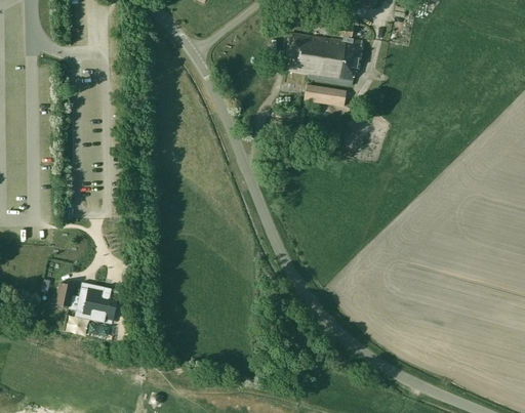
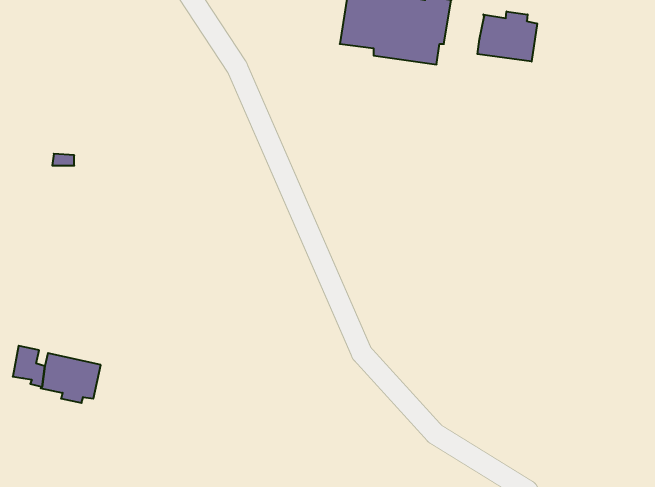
building: none -> [477,11,537,62]
building: [305,84,346,107] -> none

